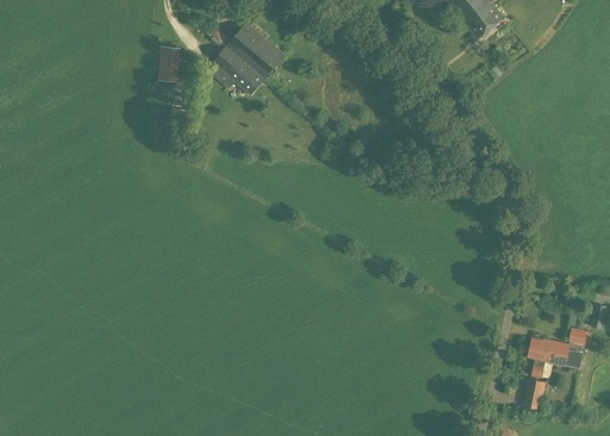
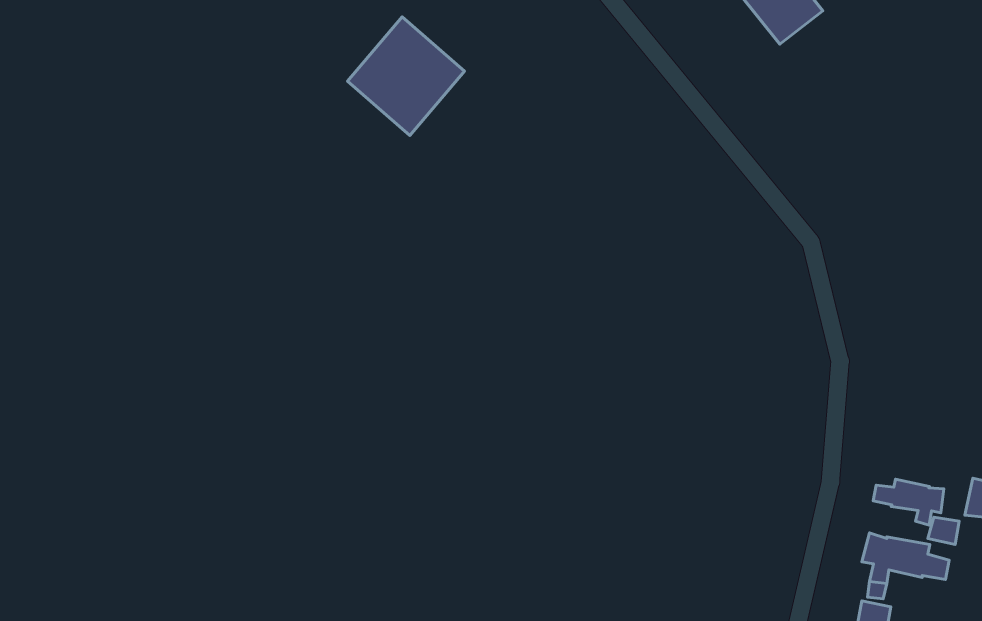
building: [160,45,180,81] -> none
building: none -> [873,479,944,525]

